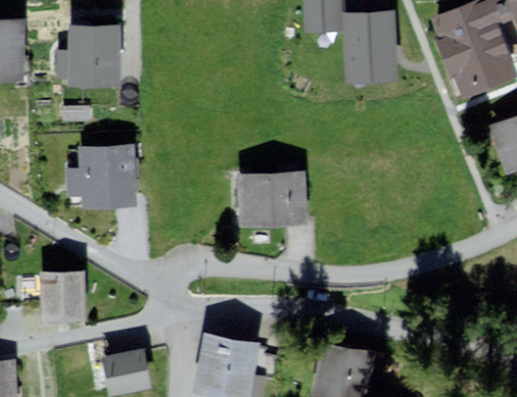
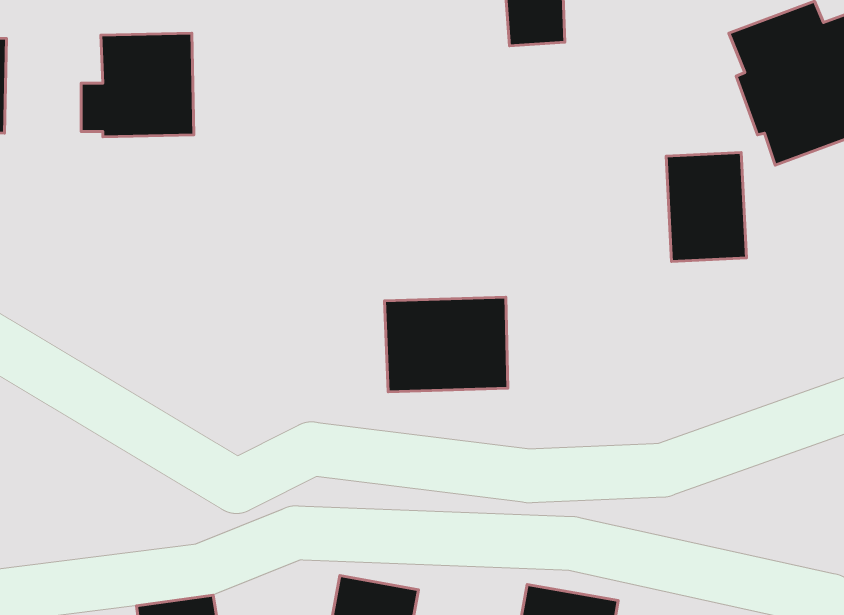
building: [347,17,393,80] -> [666,153,746,261]
building: [66,147,135,209] -> none
building: [32,266,77,315] -> none

